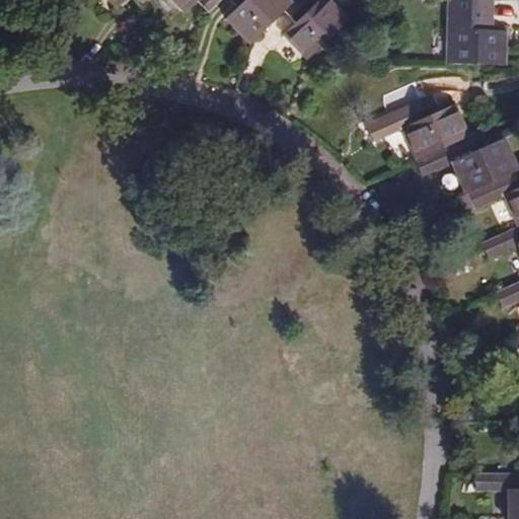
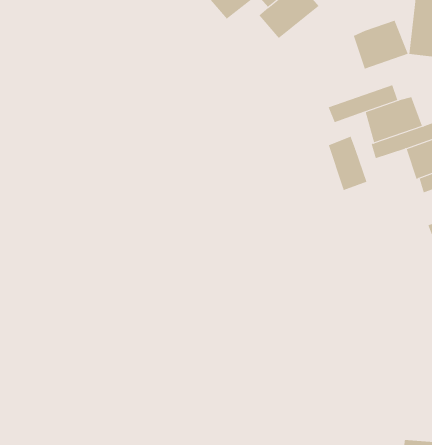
building: none -> [353,20,409,70]
building: none -> [328,136,367,191]

